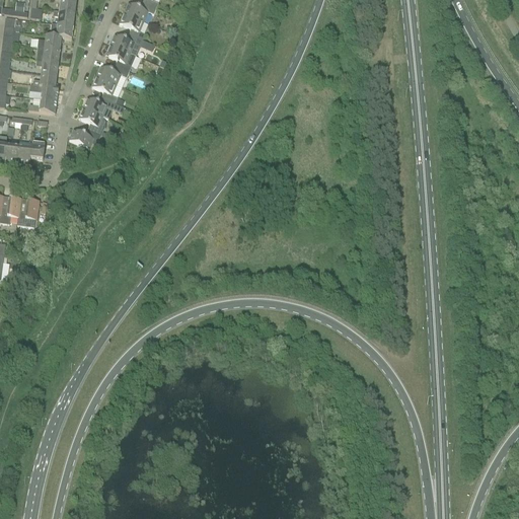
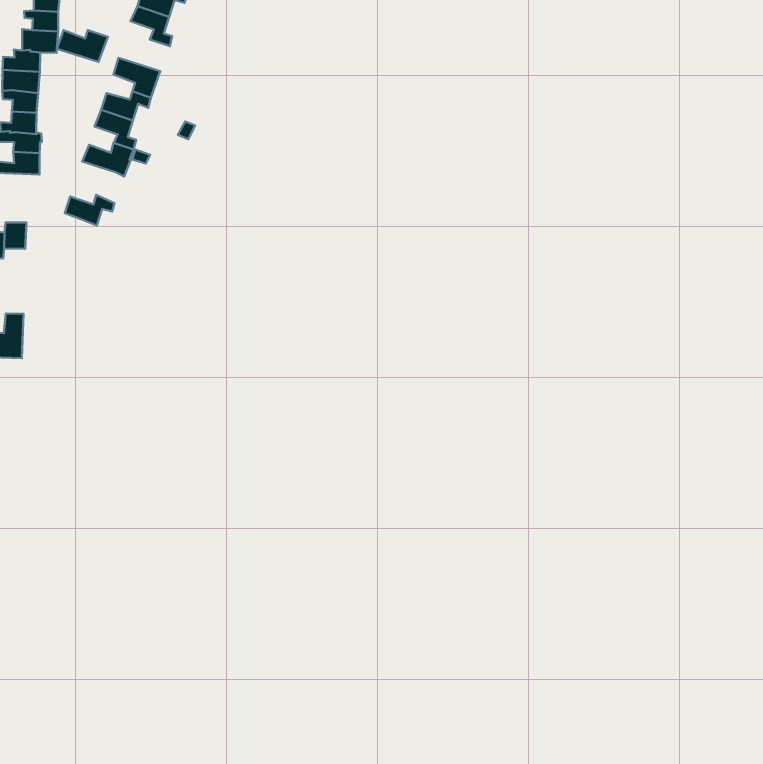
building: [110,30,143,52] -> [57,30,108,62]
building: [79,104,106,132] -> none

